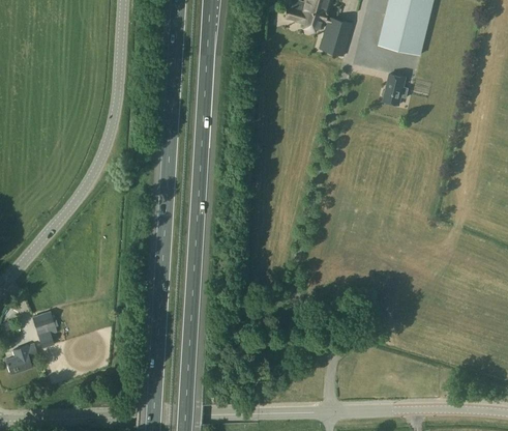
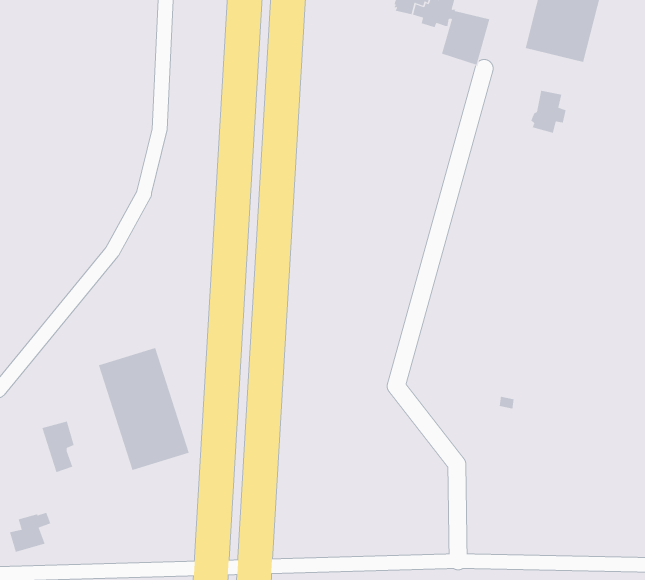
building: none -> [98,347,190,471]
building: [6,345,36,374] -> [9,512,51,552]

